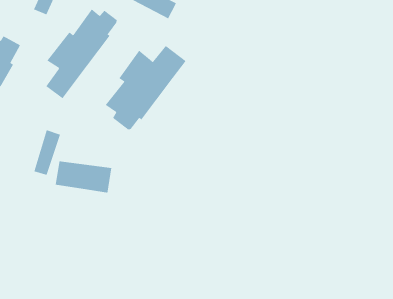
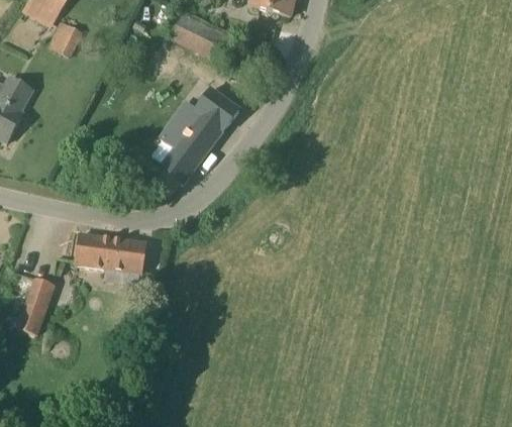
building: [46,8,117,99] -> none
building: [33,130,61,176] -> [19,279,54,336]

